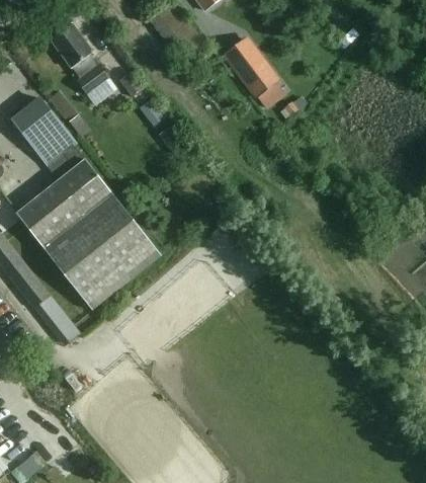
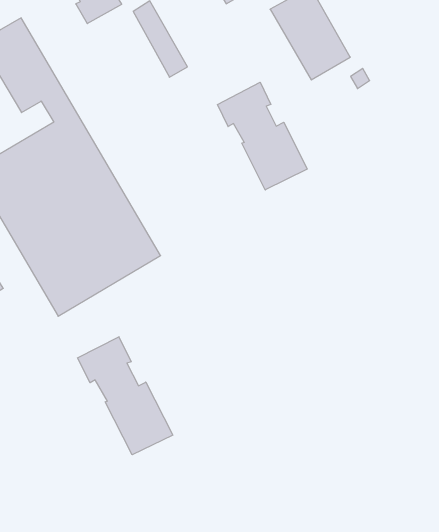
building: none -> [218,82,307,190]
building: none -> [78,337,173,455]

